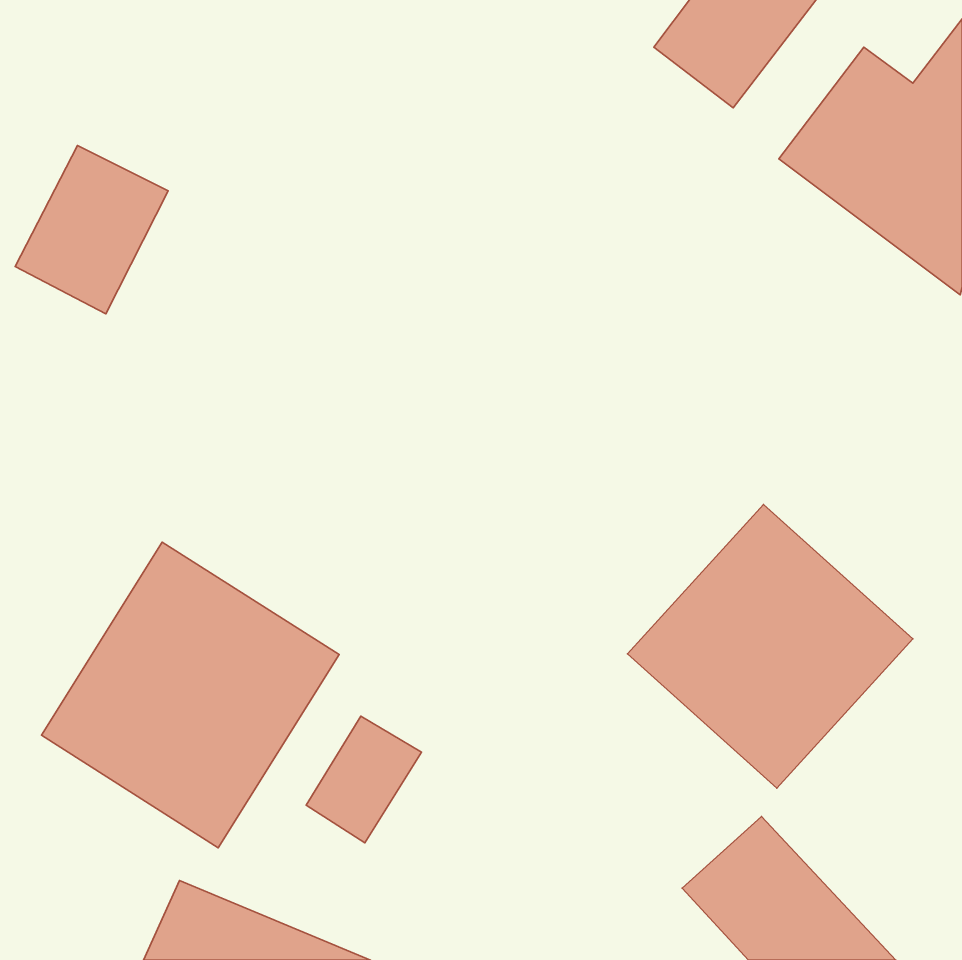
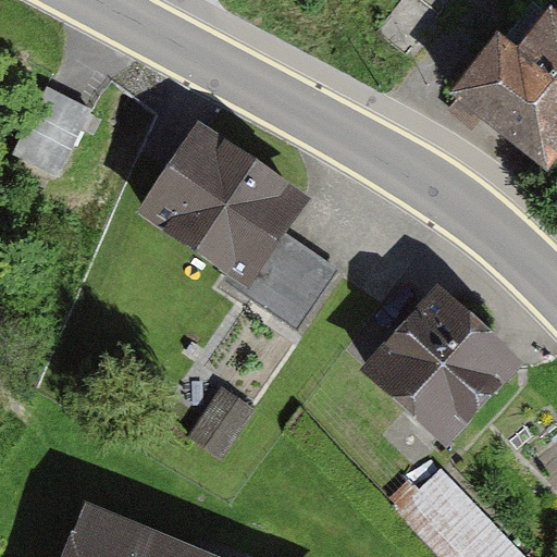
building: none -> [139,120,334,327]
building: [41,542,339,848] -> none

